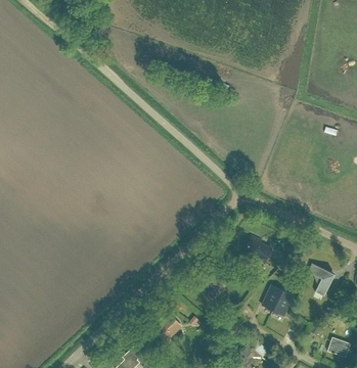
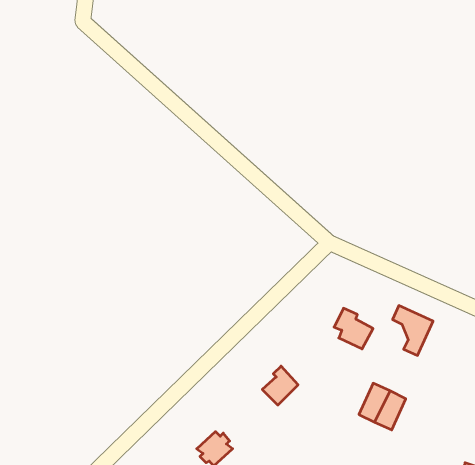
building: [307,264,333,296] -> [393,306,433,355]

